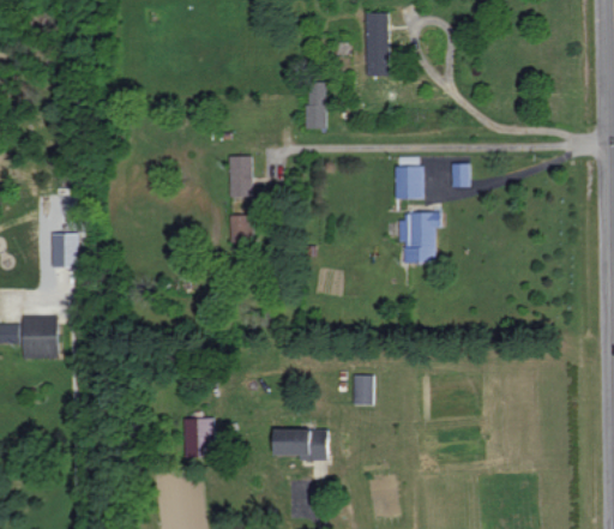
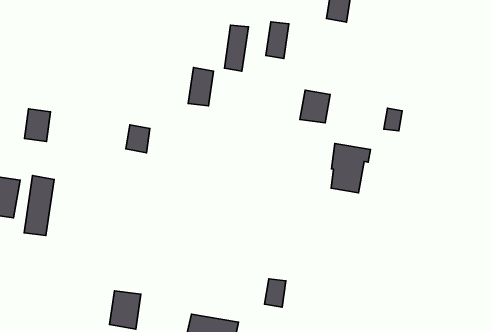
building: none -> [224,25,248,71]
building: [395,166,423,199] -> [300,90,330,123]
building: [229,215,253,242] -> [126,125,150,153]
building: none -> [24,176,54,236]

